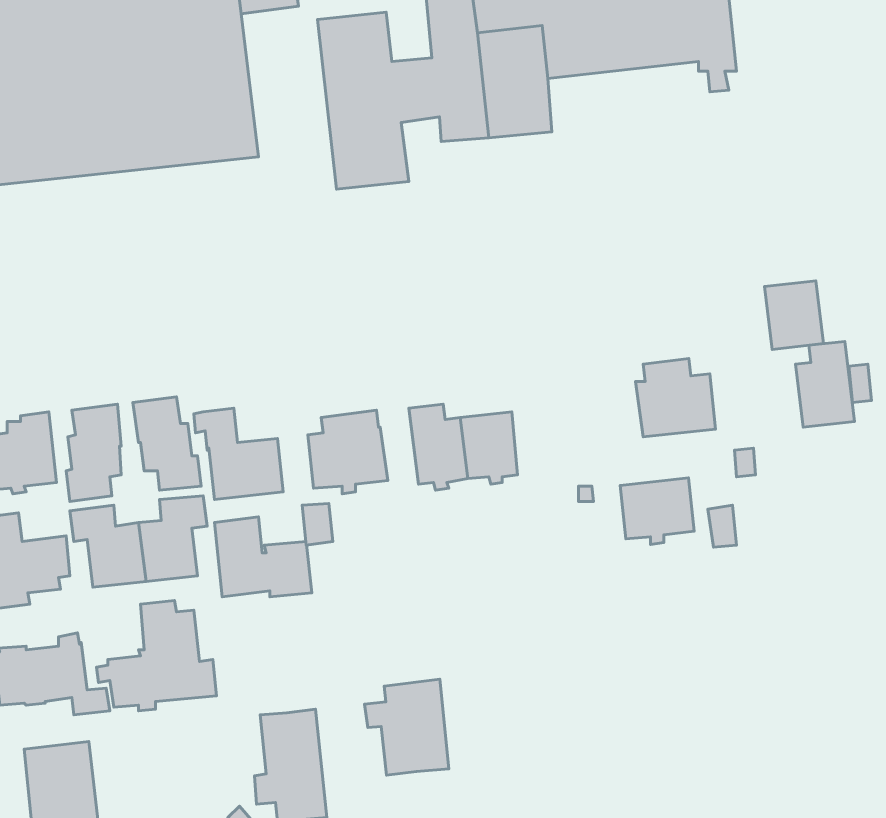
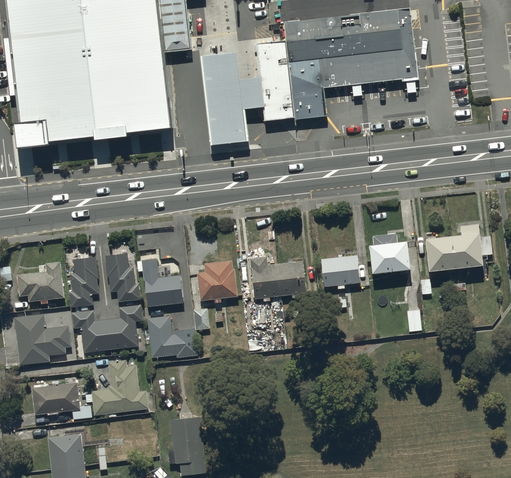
building: [764,281,823,349] -> [425,236,456,272]
building: [620,478,694,544] -> [321,255,360,290]
building: [364,679,449,775] -> none

